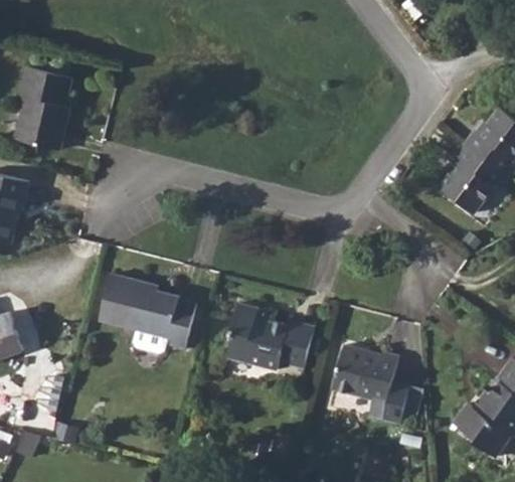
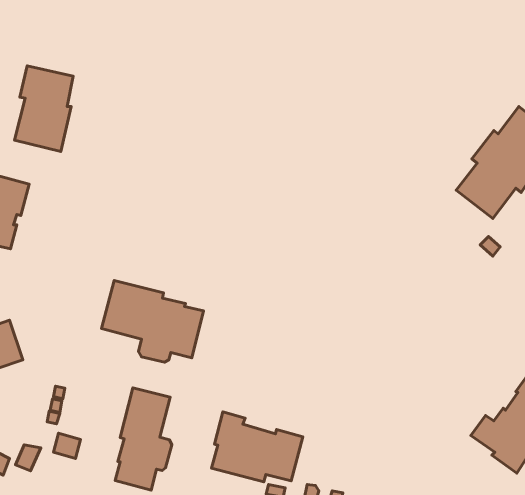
building: [226,303,314,370] -> [211,412,303,482]
building: [333,345,422,425] -> none
building: none -> [115,388,172,490]

